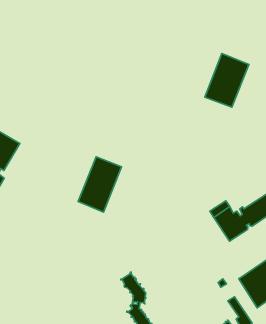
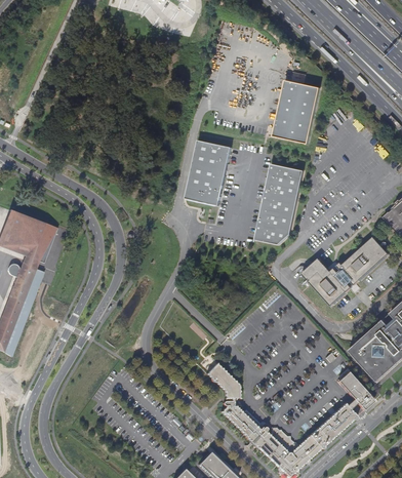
building: none -> [253,162,304,243]
building: [78,157,121,212] -> [185,138,231,204]

